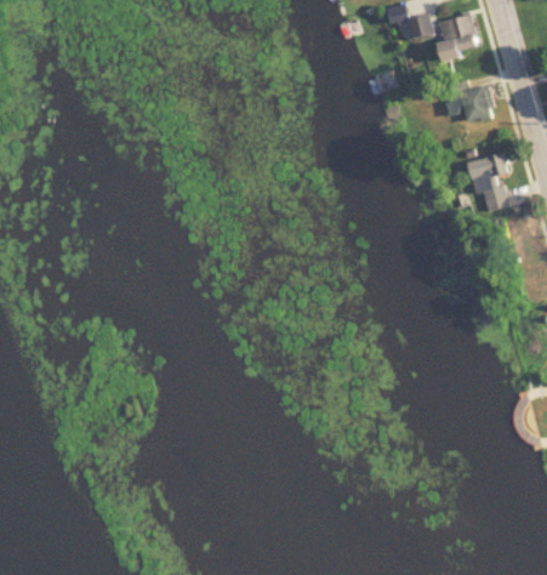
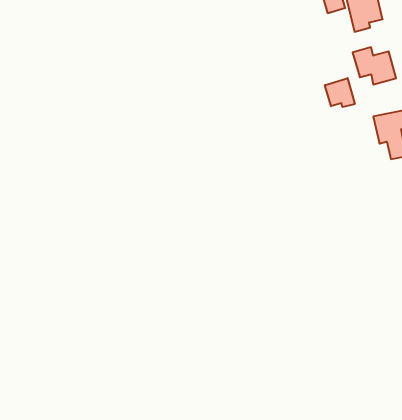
building: none -> [325,78,355,107]

